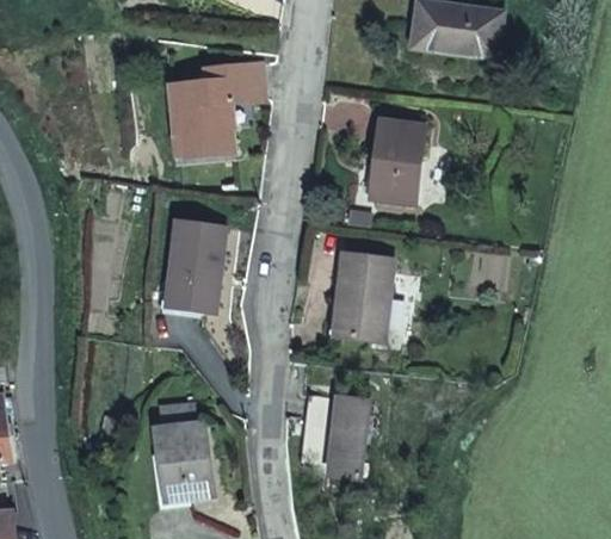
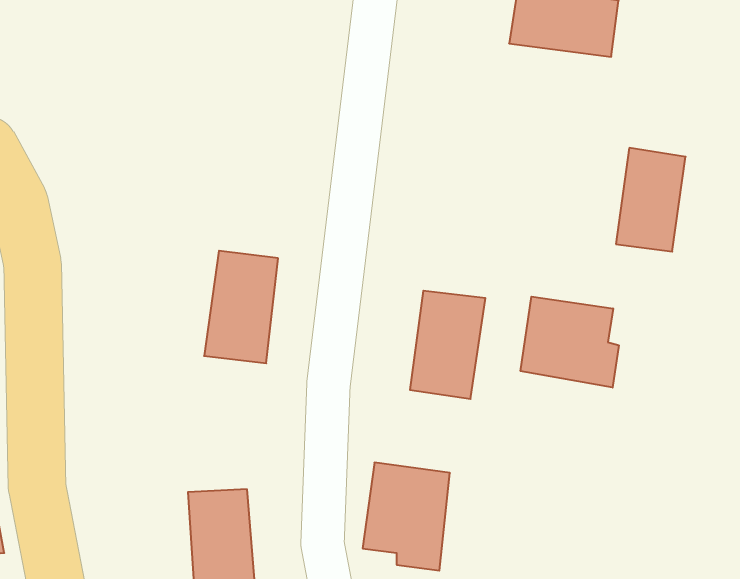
building: [174,58,270,157] -> none
building: [369,118,425,202] -> [616,148,686,252]
building: none -> [521,297,619,388]

